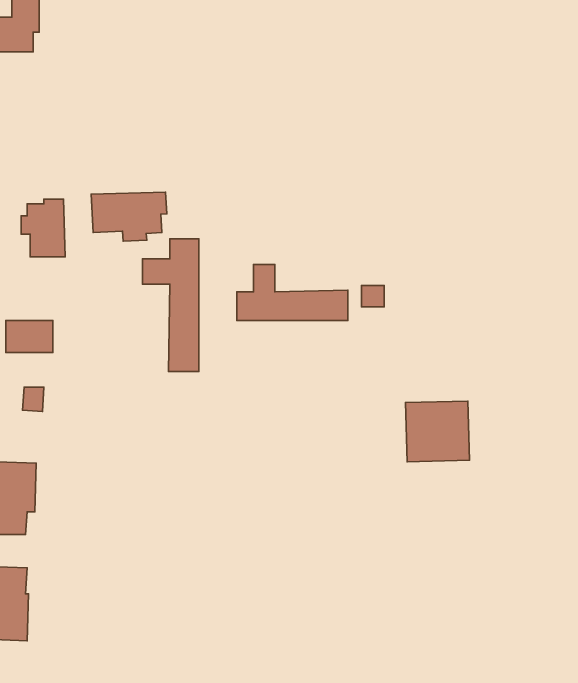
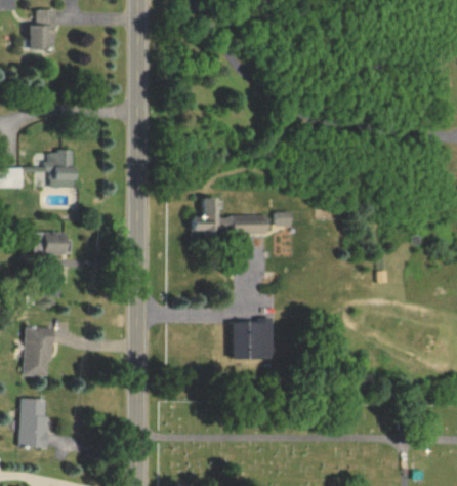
building: [91,192,167,241] -> none
building: [143,239,199,371] -> none
building: [406,401,469,462] -> [227,316,271,357]

